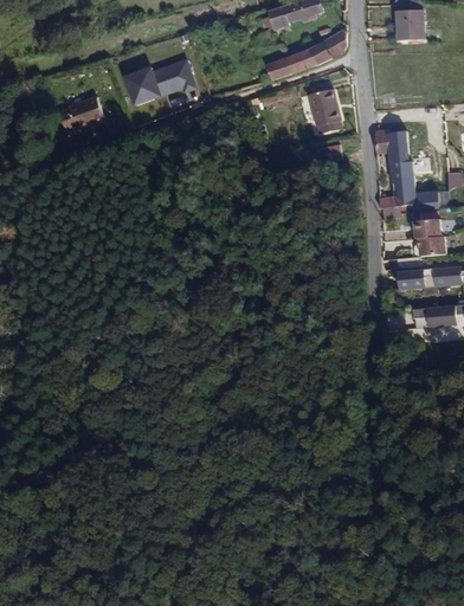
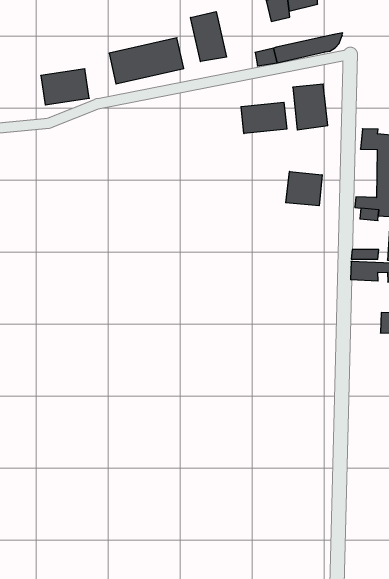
building: none -> [191,12,226,62]
building: none -> [241,102,287,134]
building: none -> [286,171,322,206]

